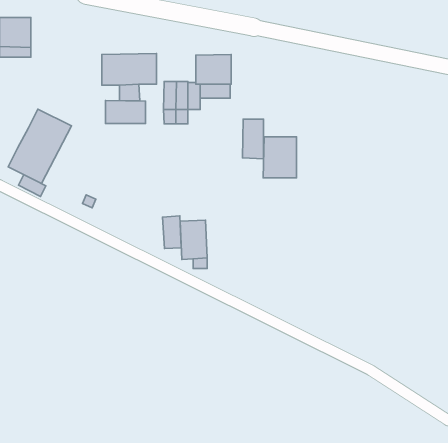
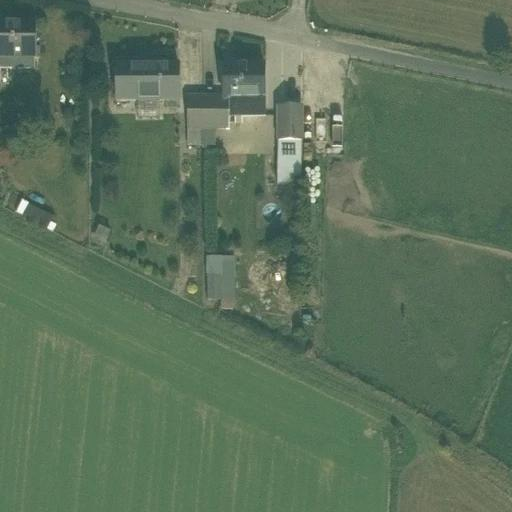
building: none -> [277,104,300,136]
building: [106,101,145,124] -> none
building: [8,109,71,183] -> none
building: [263,137,297,178] -> none
building: [162,216,181,249] -> none

